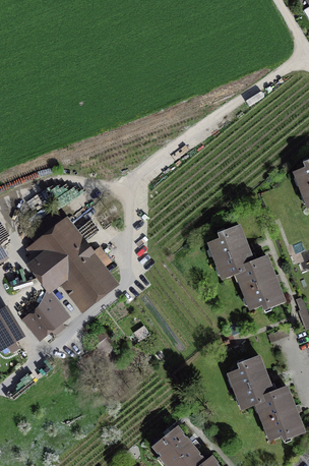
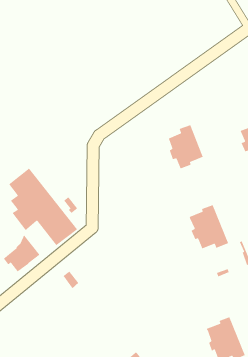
building: [209,224,251,277] -> [168,124,204,170]
building: [229,354,271,407] -> none

